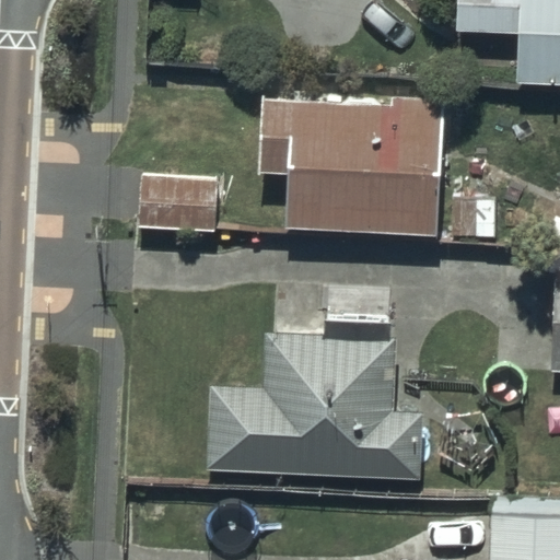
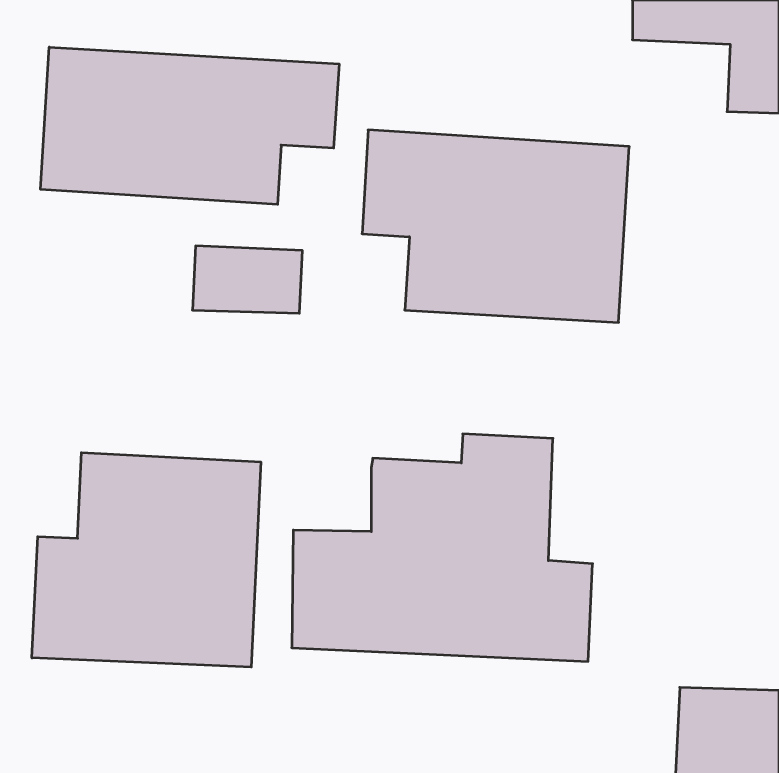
building: none -> [41,47,339,204]
building: none -> [32,453,261,667]

